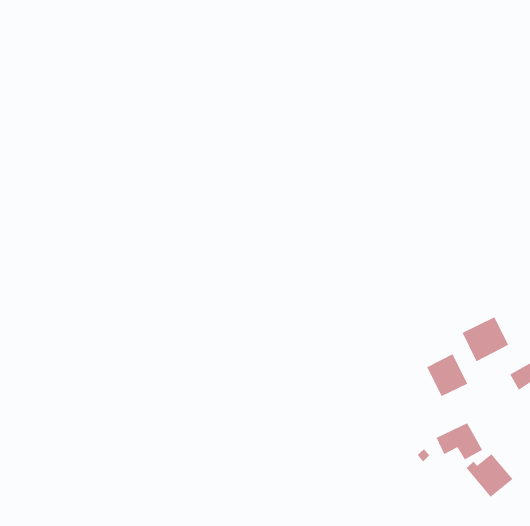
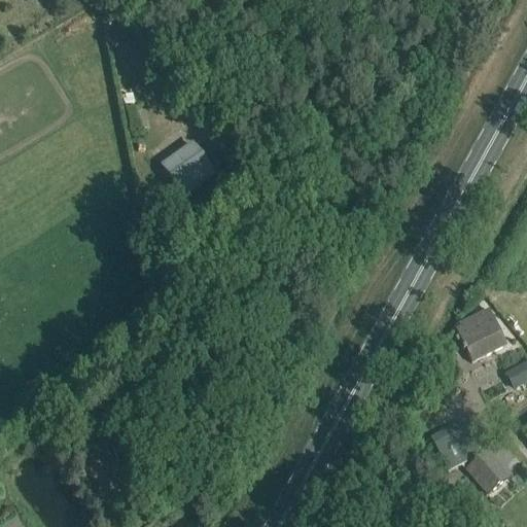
building: none -> [161,139,216,195]
building: [426,353,468,397] -> none

